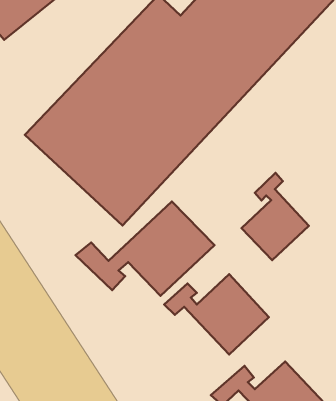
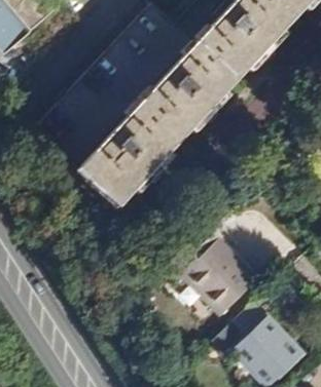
building: [241,173,309,260] -> none
building: [75,202,215,296] -> none

